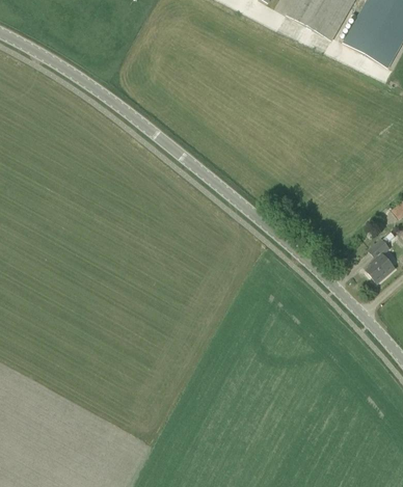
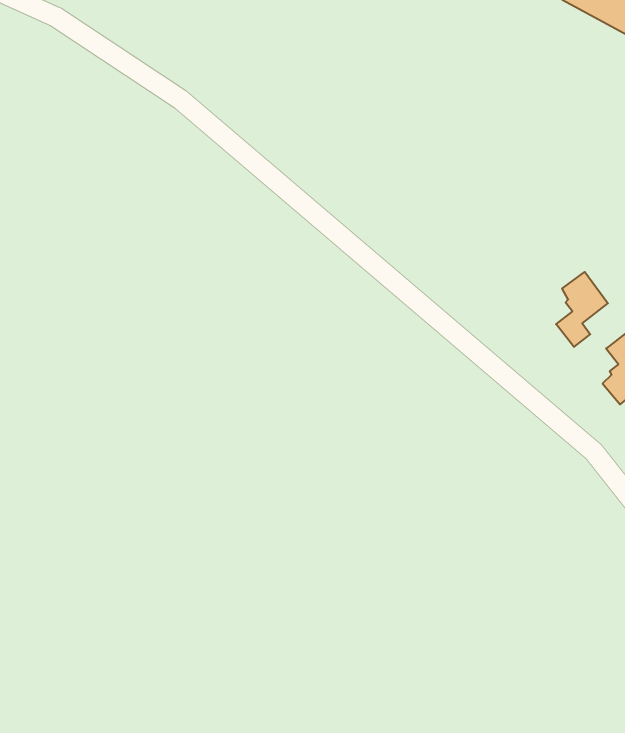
building: none -> [556,272,608,347]

